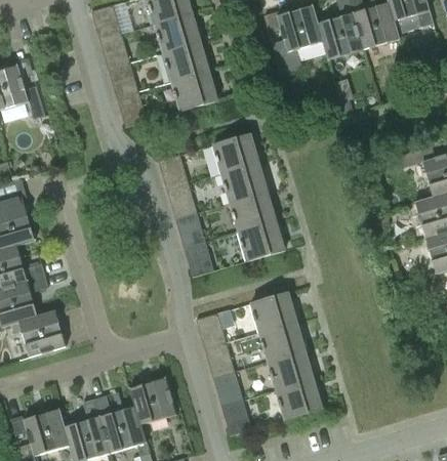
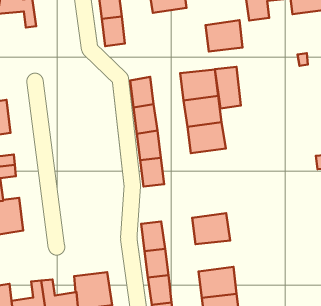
building: [172,71,217,111] -> [205,20,243,51]
building: none -> [215,67,241,109]
building: [239,220,285,261] -> none
building: [259,322,306,362] -> none

